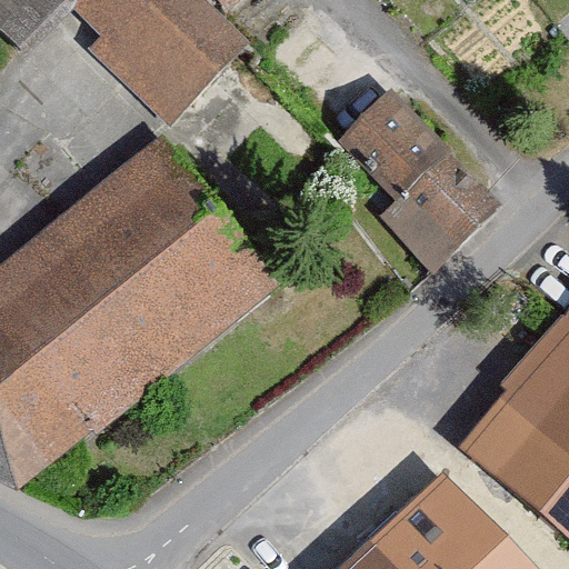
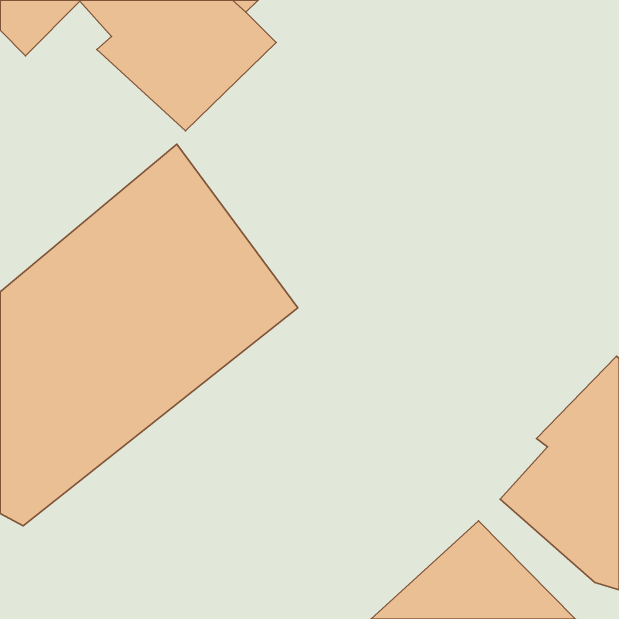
building: [333,88,506,272] -> none

